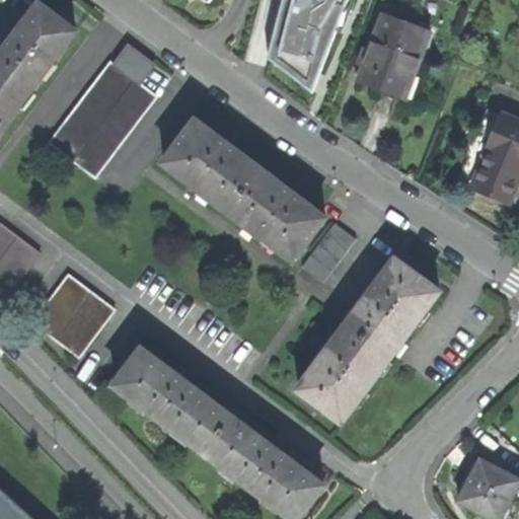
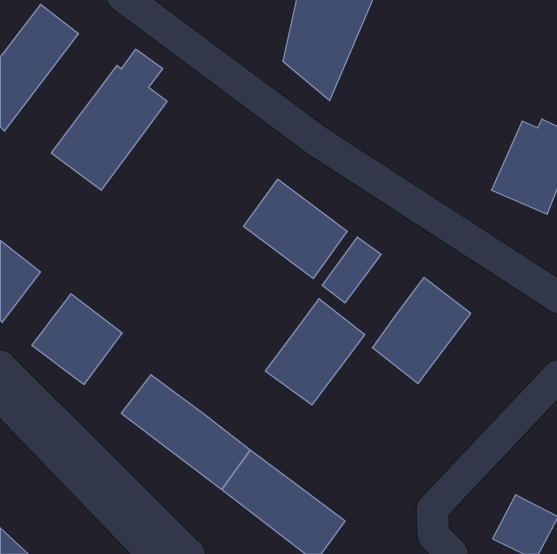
building: [359,9,431,95] -> none
building: [162,120,258,210] -> none
building: [297,322,389,421] -> [265,299,365,405]

